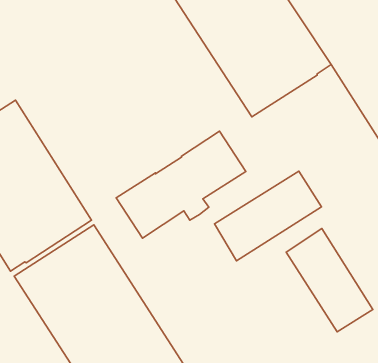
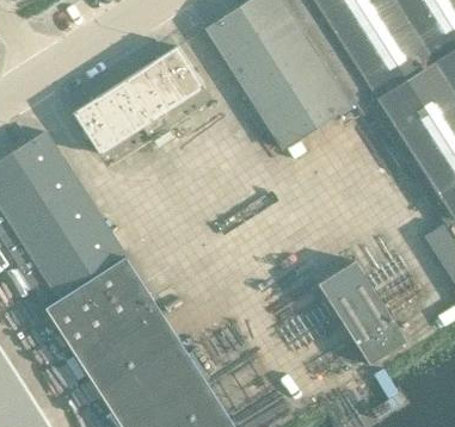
building: [116,131,246,238] -> [74,47,204,154]
building: [214,171,322,261] -> none

